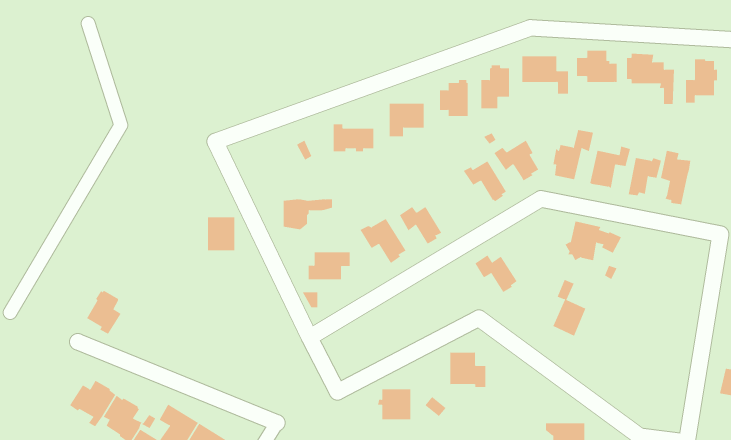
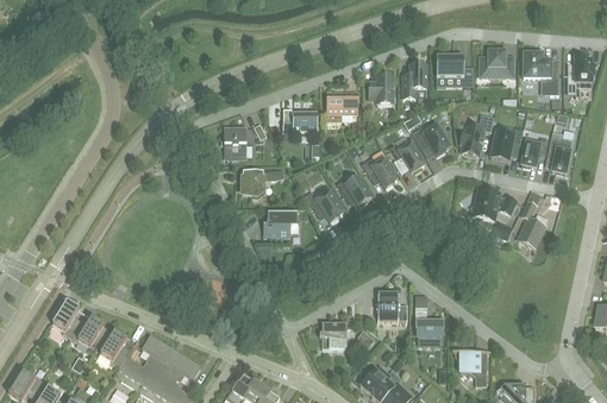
building: [207,217,235,251] -> [223,130,245,157]
building: [475,255,517,293] -> [361,157,395,188]
building: [552,279,586,337] -> [517,201,544,247]
building: [86,290,122,334] -> [51,301,80,336]
building: none -> [414,307,443,336]

